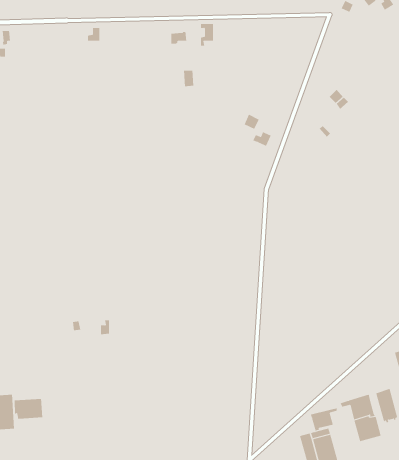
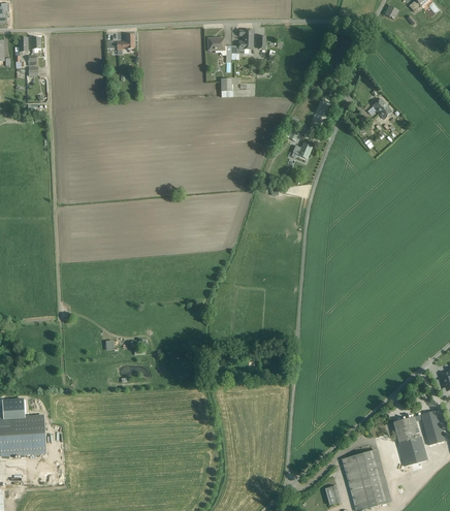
building: [14,398,43,420] -> none
building: [310,408,337,432] -> none

